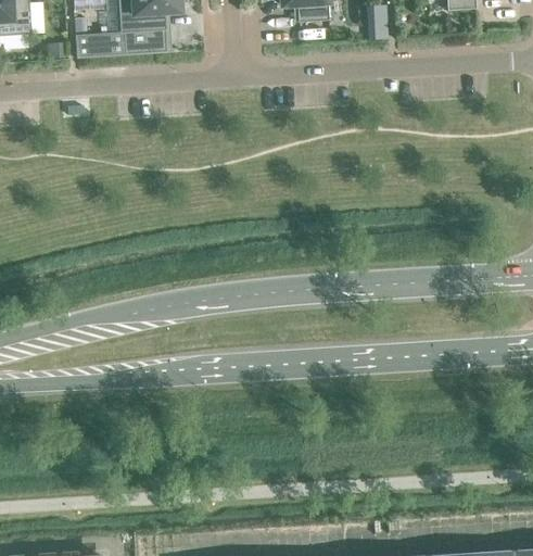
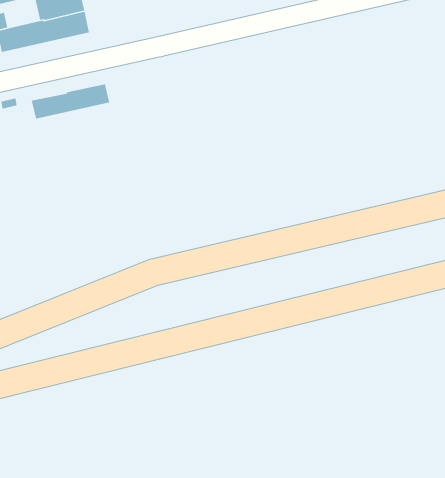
building: none -> [31,83,110,120]

